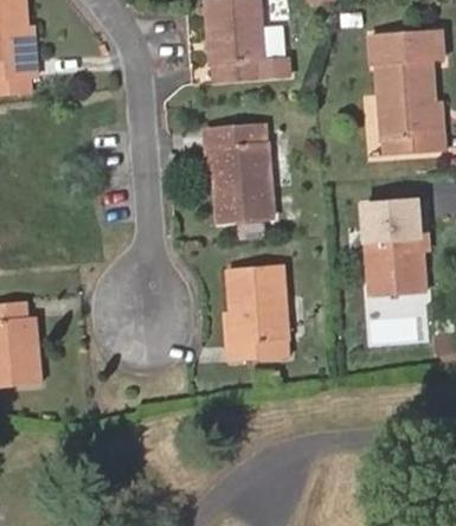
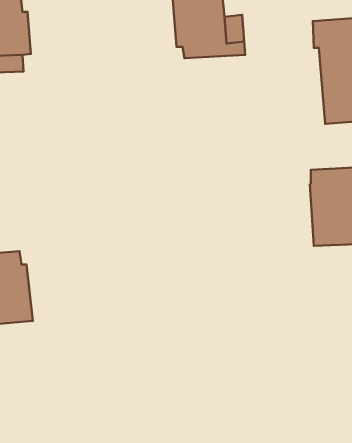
building: [204,127,276,220] -> none
building: [223,267,290,359] -> none

